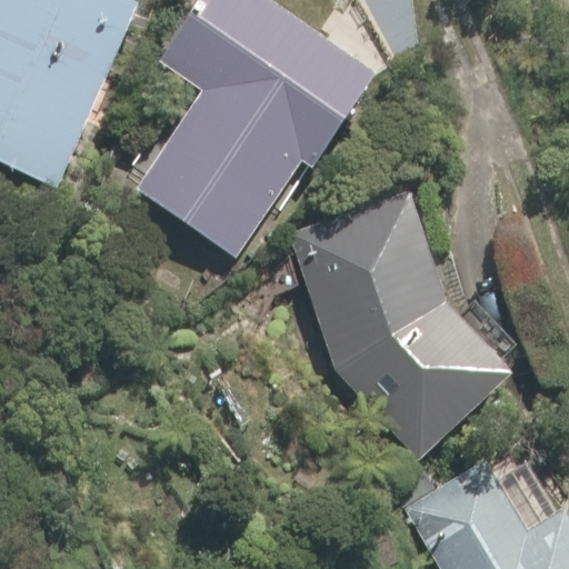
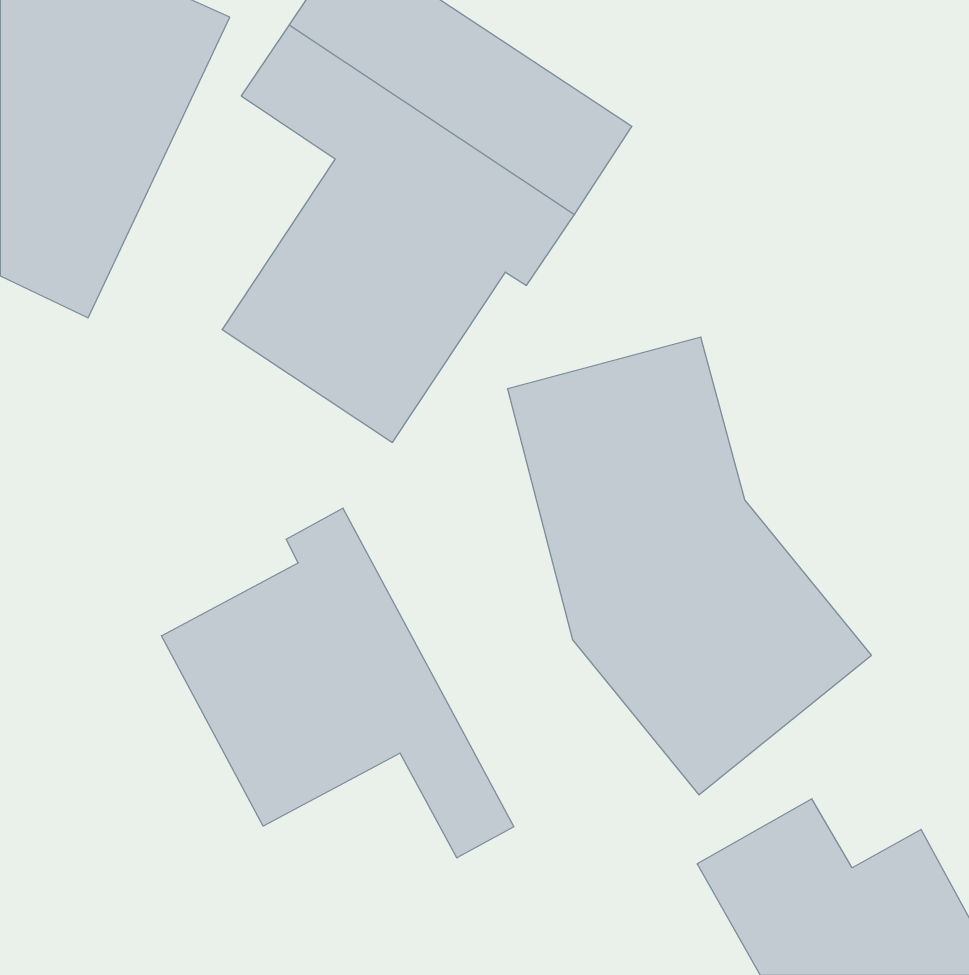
building: none -> [161,508,514,858]

